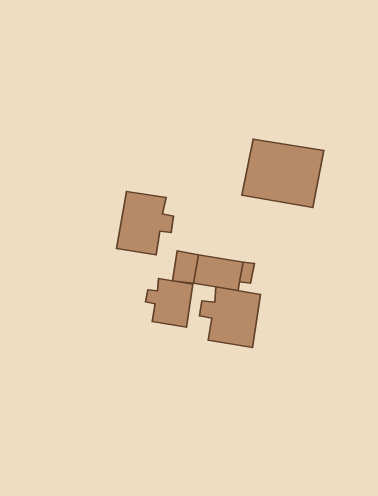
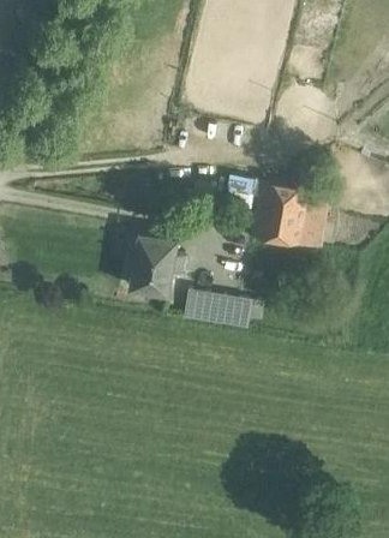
building: [146,278,193,327] -> none
building: [199,287,260,348] -> none

